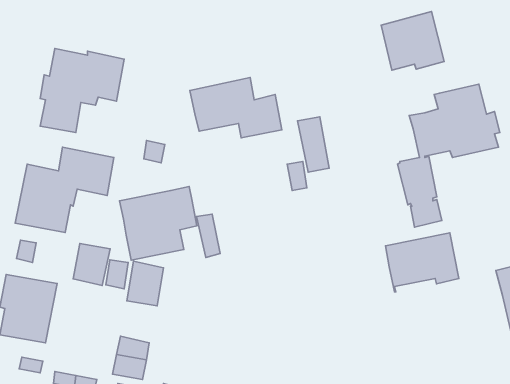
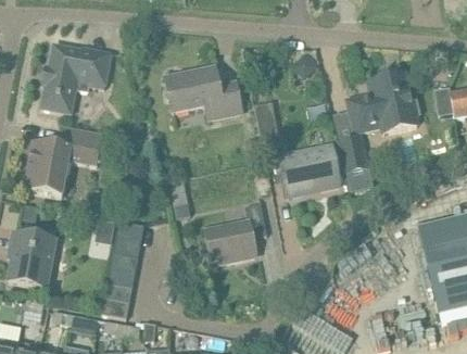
building: [381,11,444,70] -> none
building: [119,187,197,260] -> [202,202,266,263]
building: [385,233,459,292] -> [278,146,339,194]
building: [73,244,110,286] -> [108,252,138,287]

